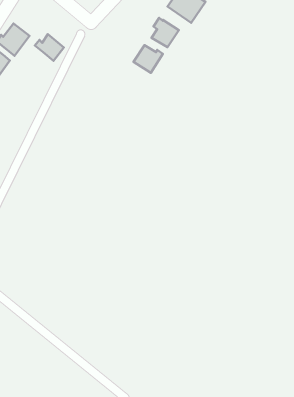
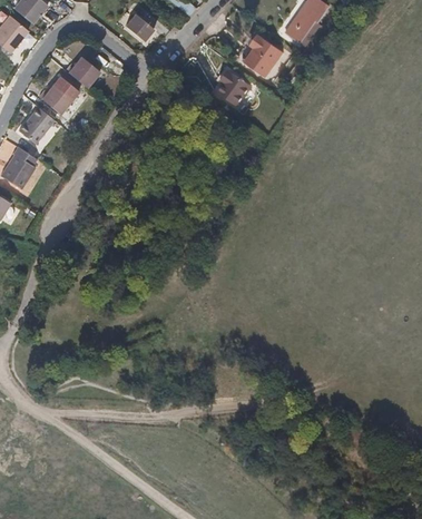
building: [35,34,64,61] -> [62,56,97,87]
building: [134,45,163,73] -> none

